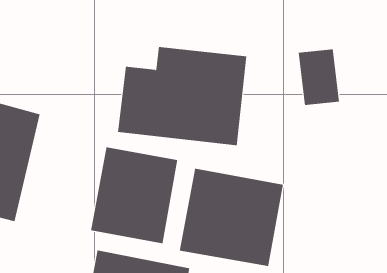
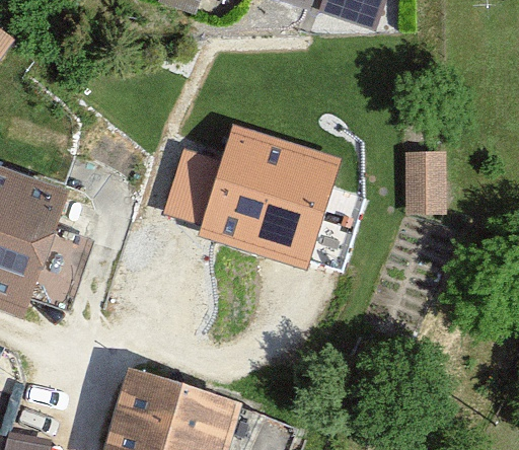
building: [90,146,178,244] -> none
building: [179,168,284,267] -> none

